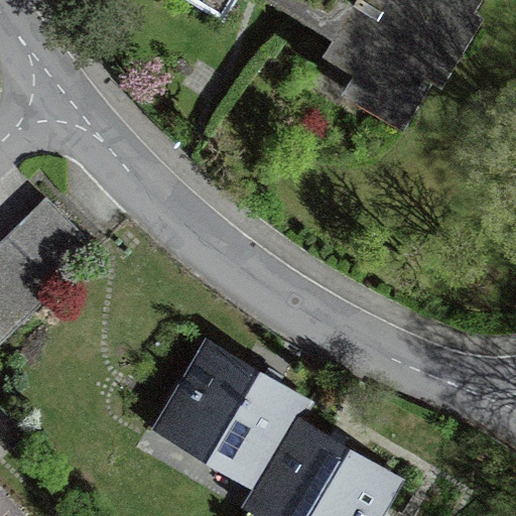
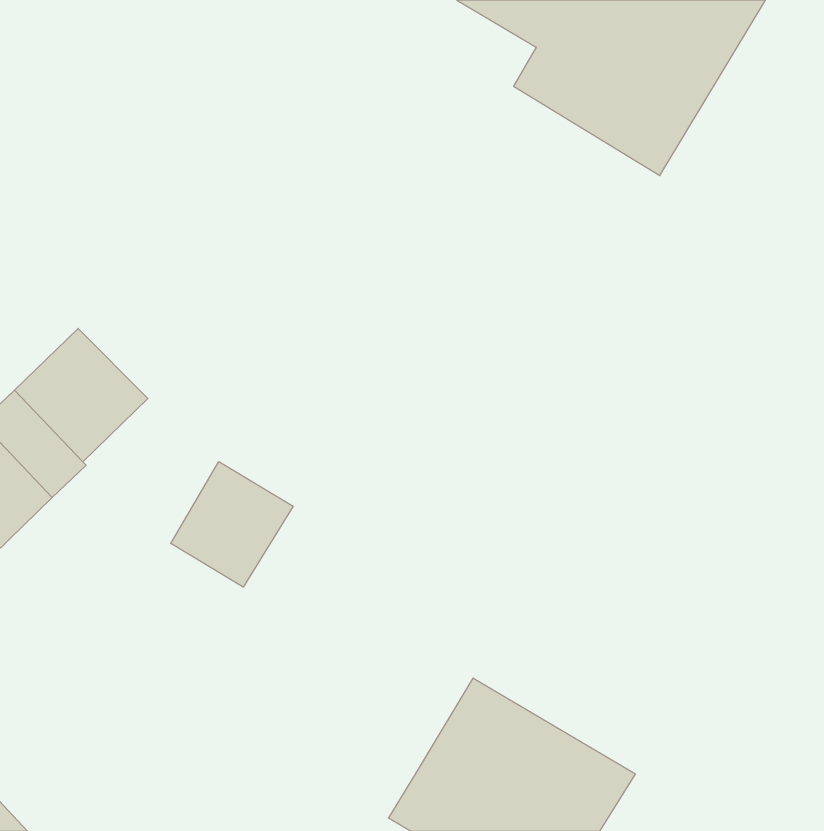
building: none -> [171,462,293,587]
building: [159,343,303,479] -> none

